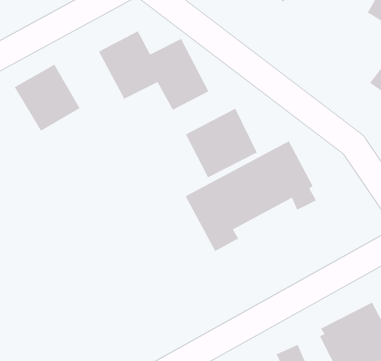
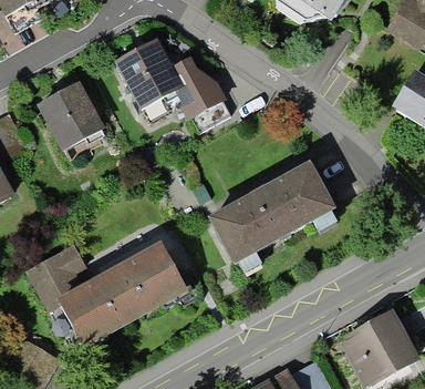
building: [185,108,257,178] -> none
building: none -> [28,238,188,344]

